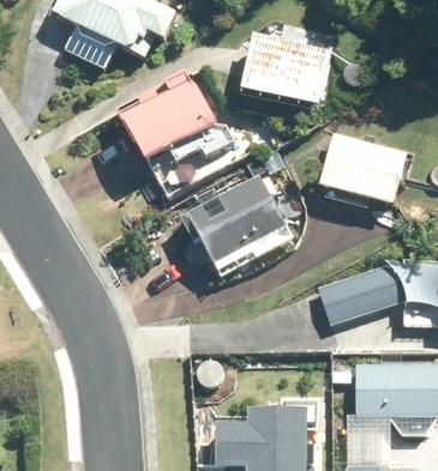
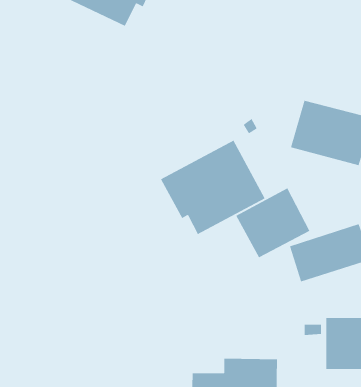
building: [239,34,328,107] -> none
building: [114,71,234,163] -> none
building: none -> [236,188,310,258]

